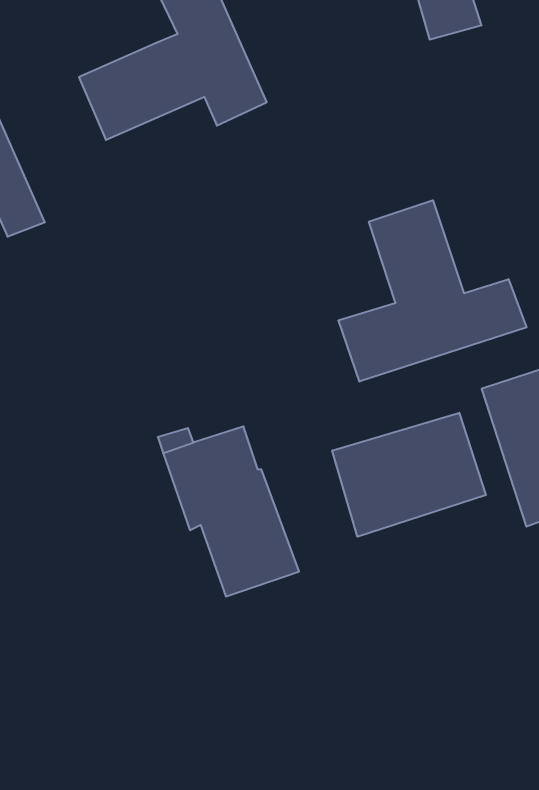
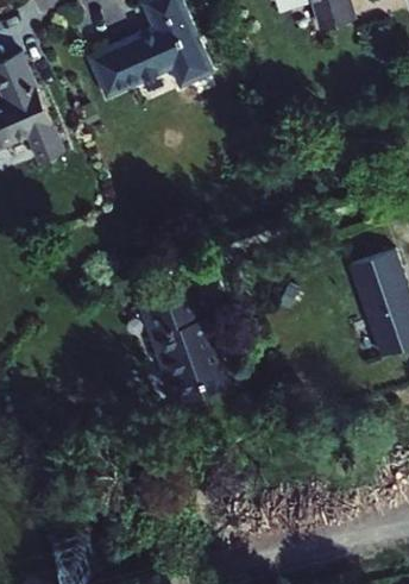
building: [338,200,527,382] -> none
building: [332,413,486,537] -> none

